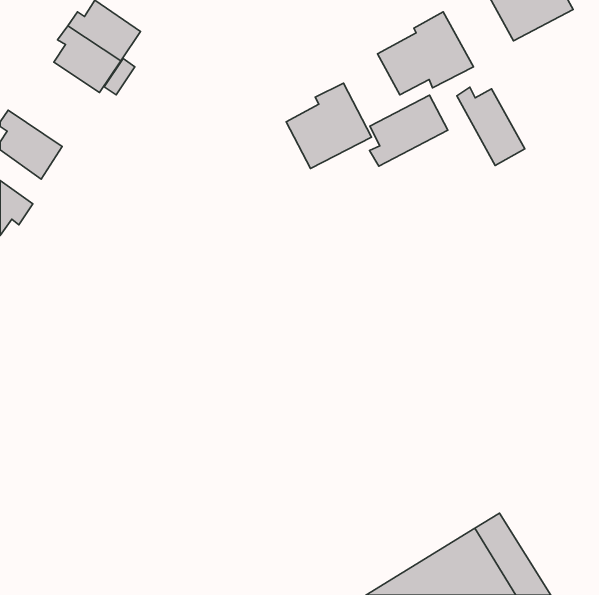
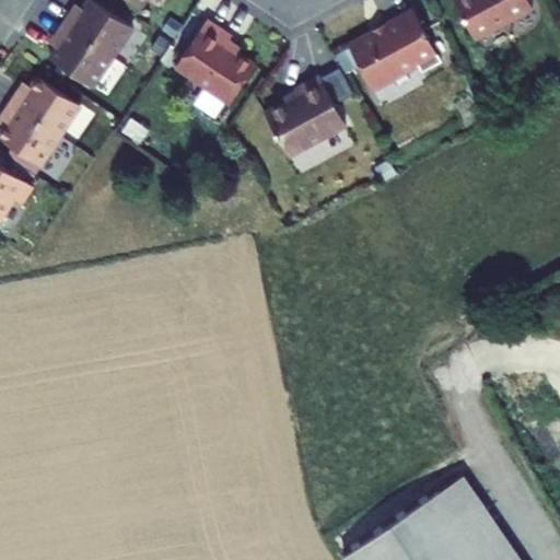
building: none -> [173,25,254,107]
building: [457,87,525,165] -> none
building: none -> [8,82,77,137]
building: [369,95,448,166] -> none

